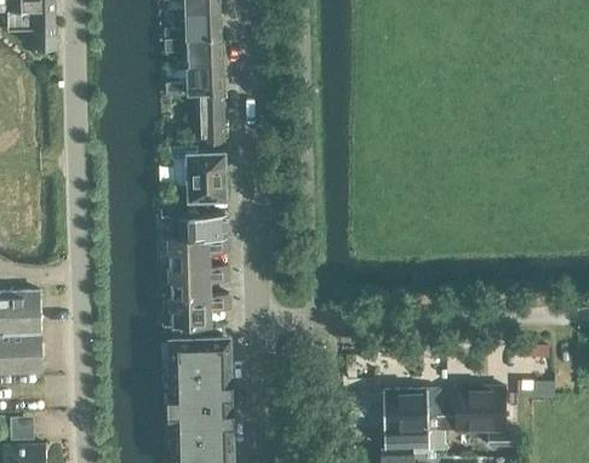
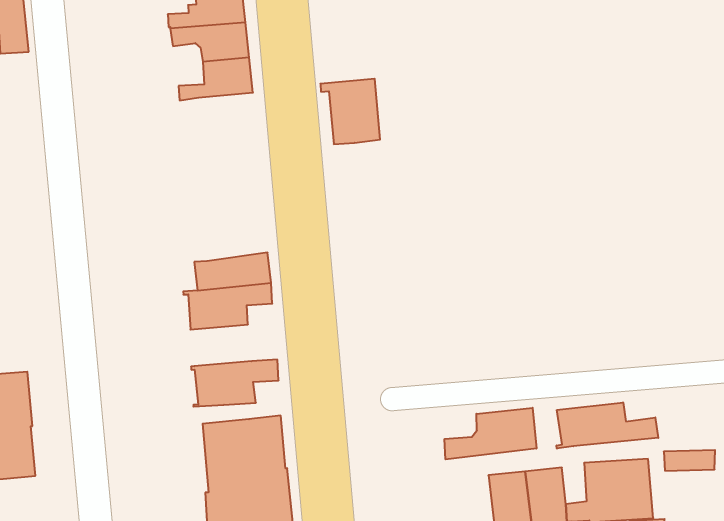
building: [182,92,224,139] -> [320,79,380,144]
building: [168,147,225,200] -> none
building: [162,267,228,296] -> none
building: none -> [445,408,536,459]
building: none -> [557,402,658,449]

